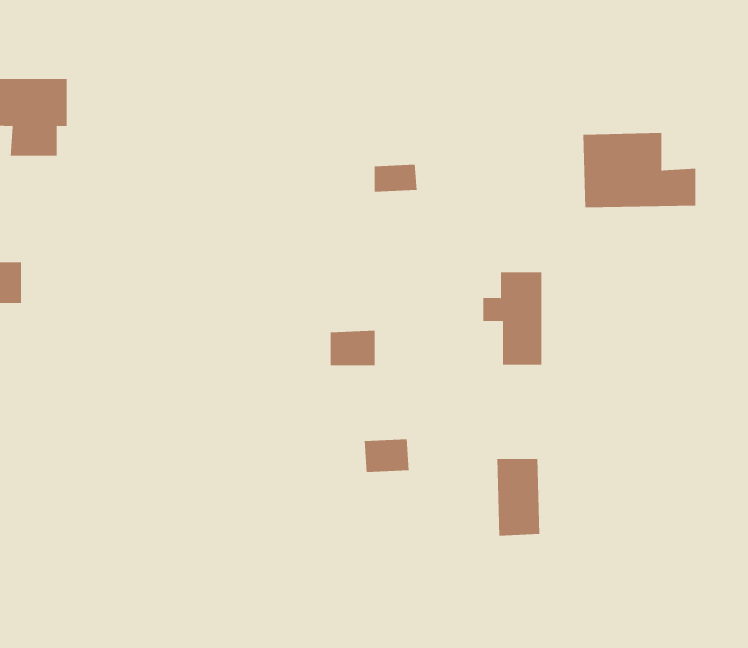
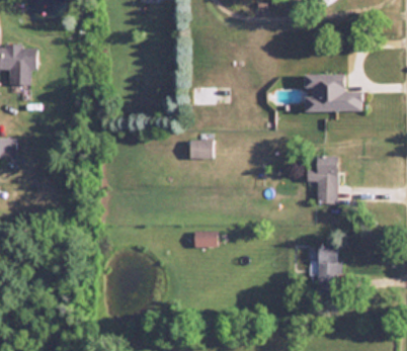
building: [482,272,542,365] -> [306,155,336,202]
building: [330,330,376,366] -> [191,140,215,158]
building: [496,459,540,536] -> [316,245,338,284]

